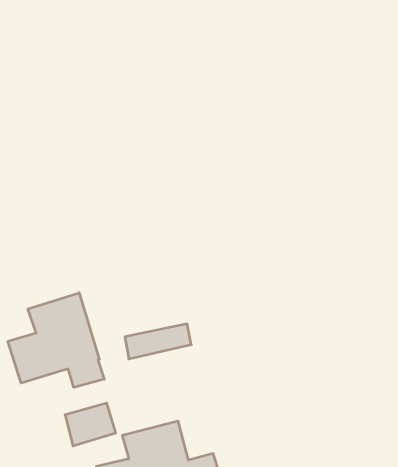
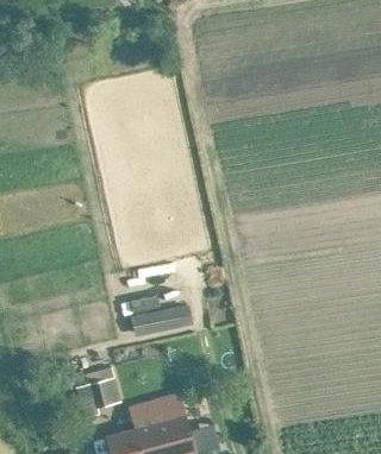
building: [8,293,104,387] -> none

